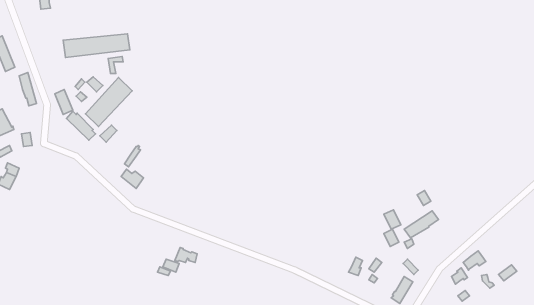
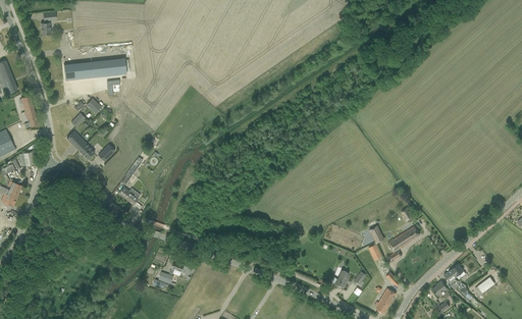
building: [86,78,132,126] -> none

